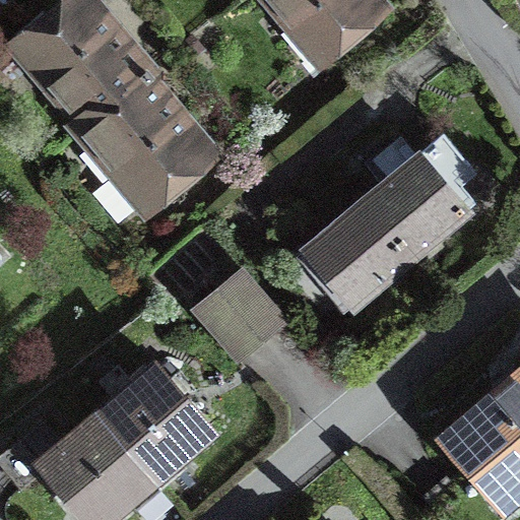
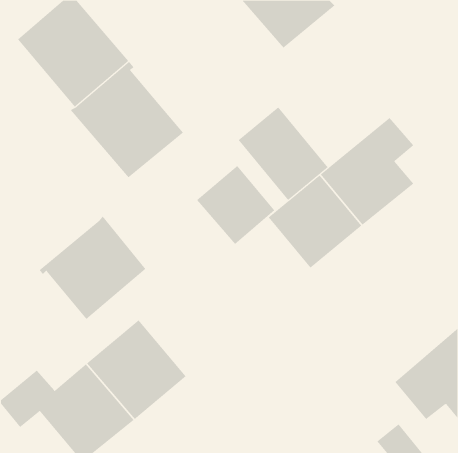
building: none -> [238,106,329,201]
building: none -> [39,216,146,320]
building: [194,272,283,363] -> [196,165,275,245]

